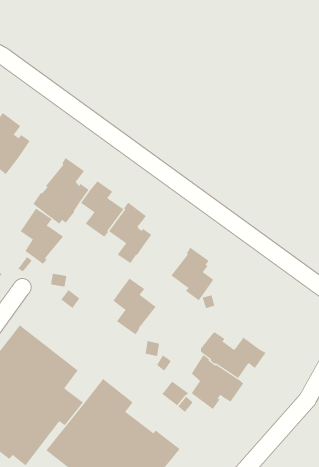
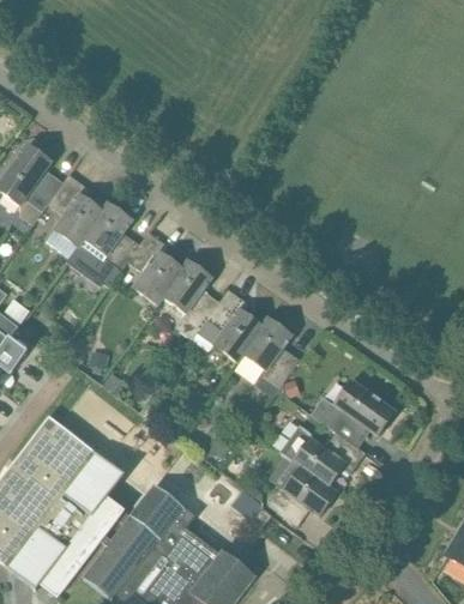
building: [20,208,64,265] -> [47,174,103,247]
building: [112,278,156,335] -> [206,289,263,362]
building: none -> [309,380,394,447]

